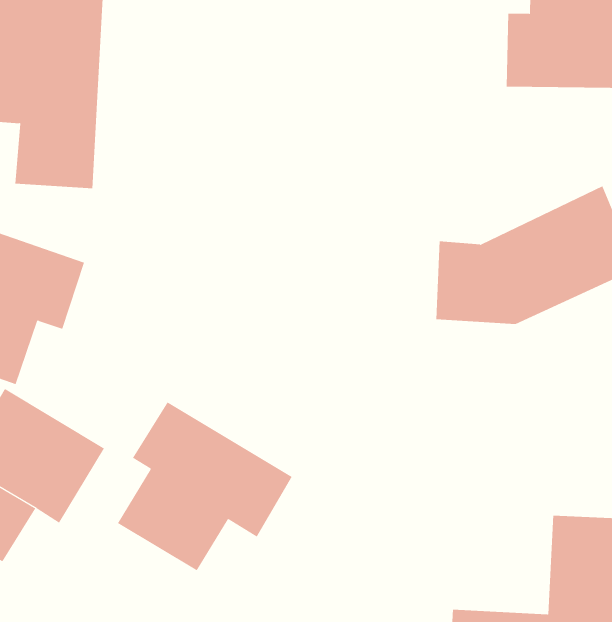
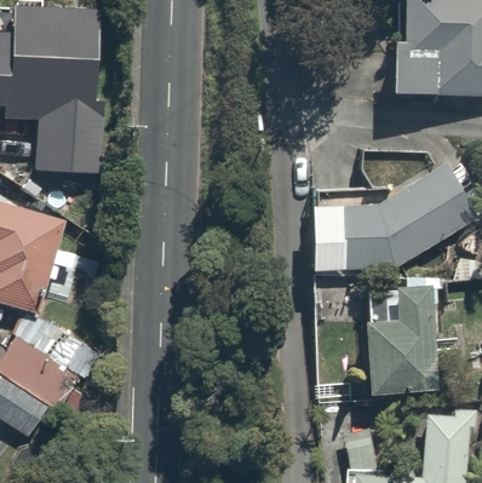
building: none -> [363,288,437,398]
building: [117,401,293,571] -> none

